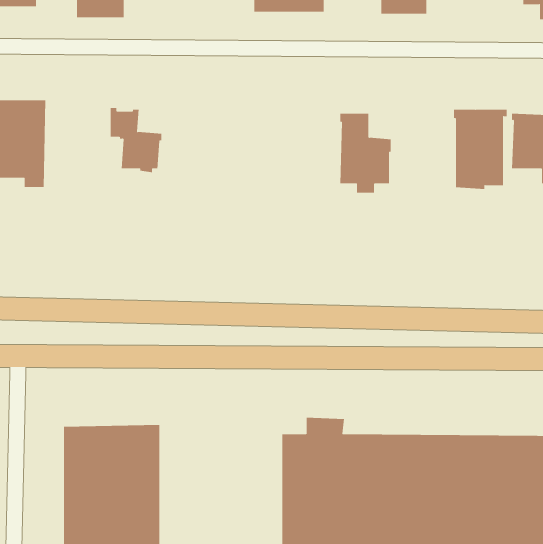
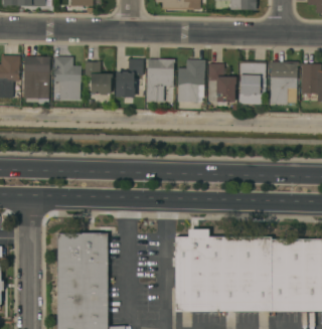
building: none -> [52,56,80,100]
building: none -> [115,59,142,98]
building: none -> [146,59,174,102]
building: none -> [176,59,204,103]
building: none -> [237,61,266,105]

